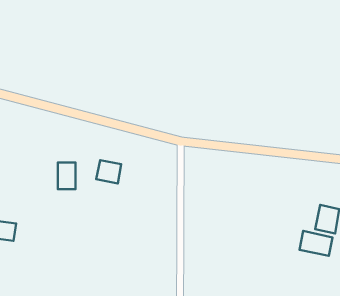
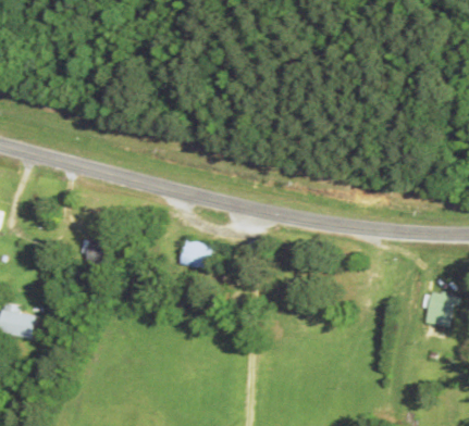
building: [96,160,121,183] -> [180,238,212,268]
building: [299,231,332,256] -> none

